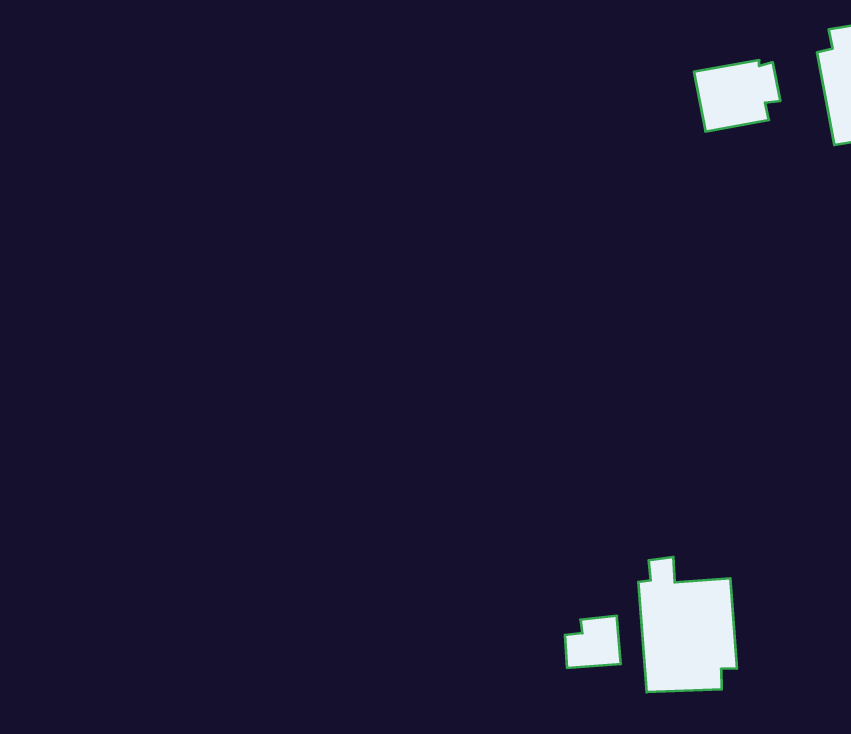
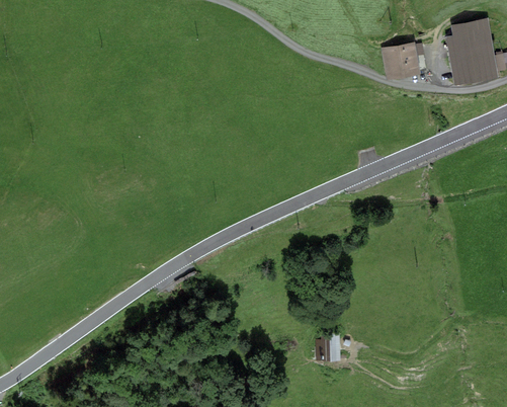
building: [638,557,737,692] -> none

